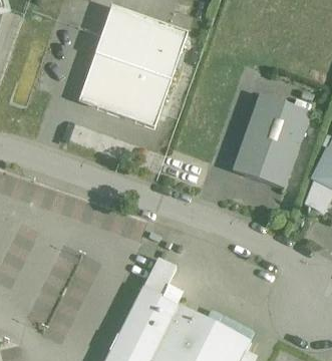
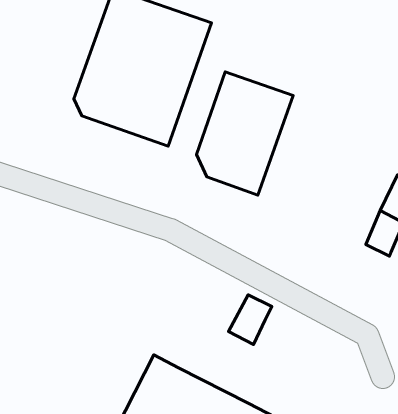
building: [237,94,311,189] -> [196,72,293,195]
building: [142,259,176,297] -> [228,295,272,345]

